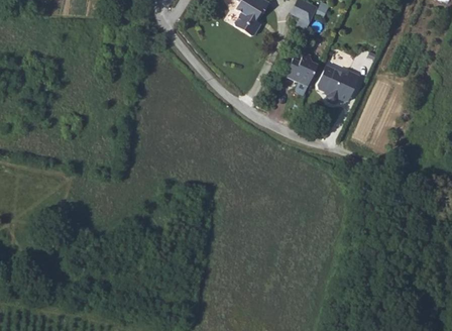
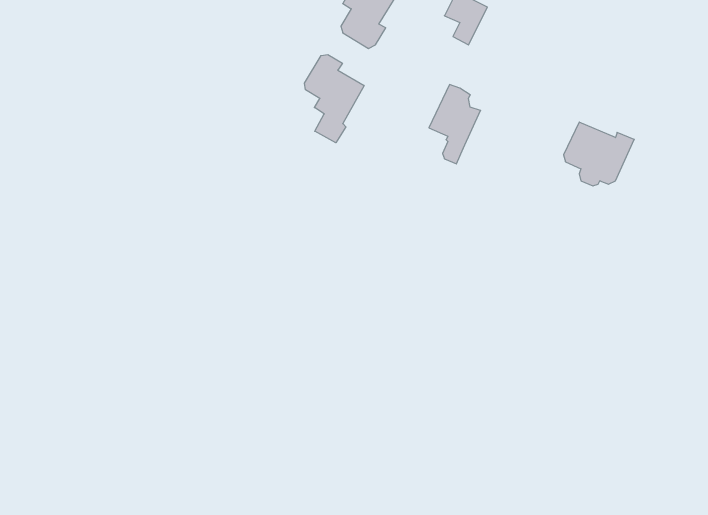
building: none -> [305,55,364,143]
building: [317,66,358,103] -> [564,122,634,186]

